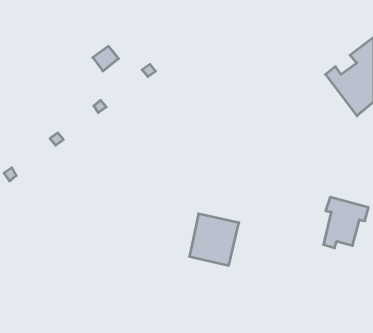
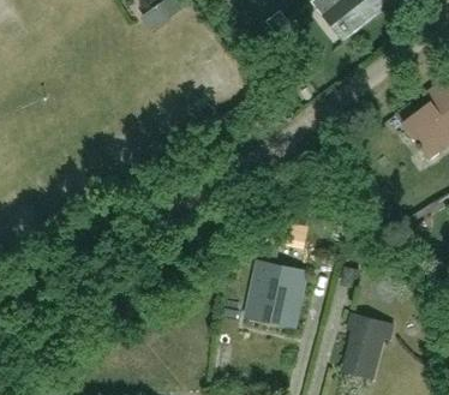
building: [323,197,368,248] -> [342,316,390,370]

